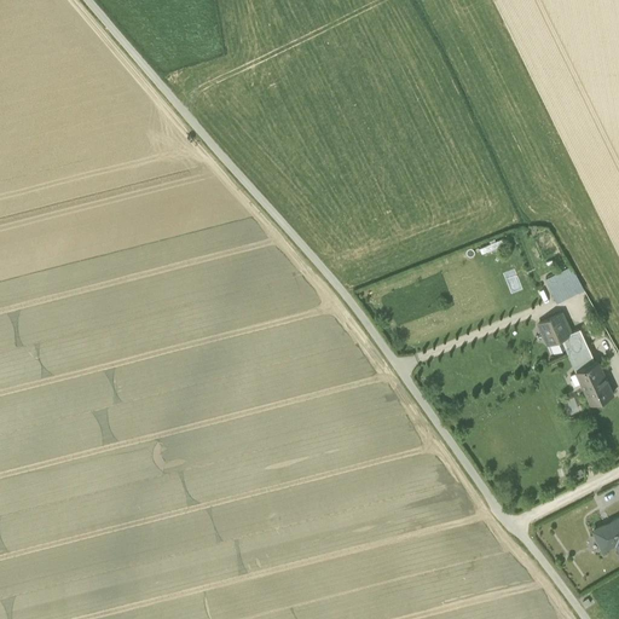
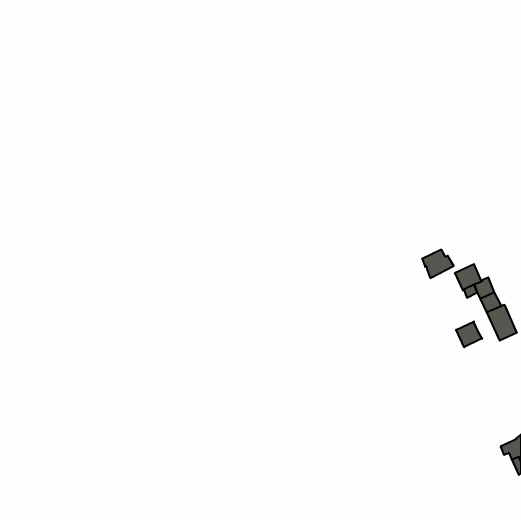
building: [546,270,584,303] -> [422,250,454,278]
building: none -> [456,321,482,347]

